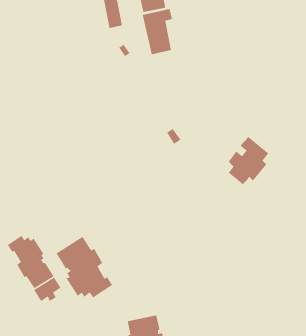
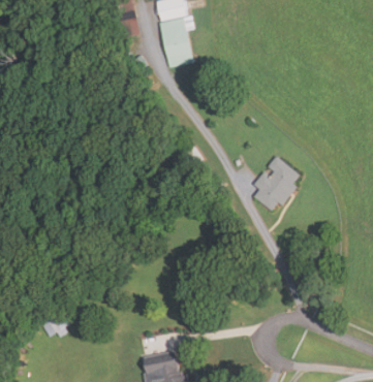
building: [7,235,54,289] -> none
building: [56,236,113,298] -> none

